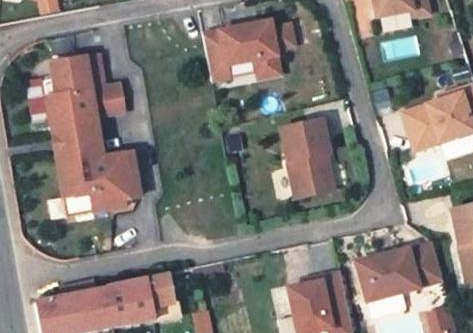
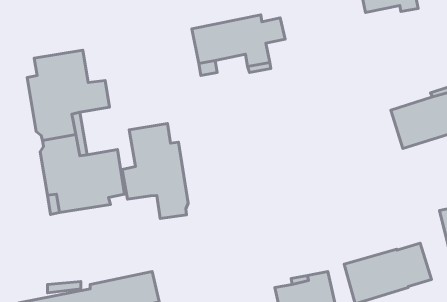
building: [284,116,338,195] -> none
building: none -> [122,124,188,218]

